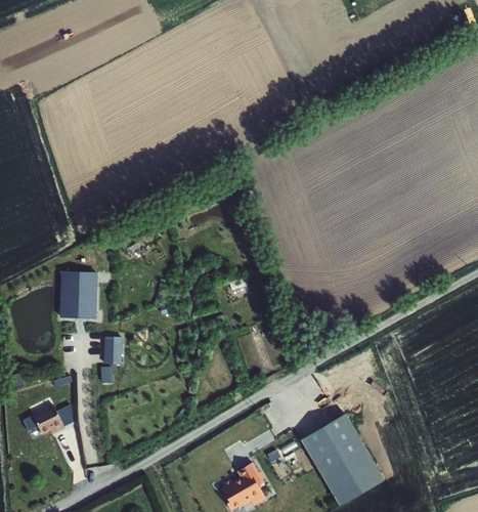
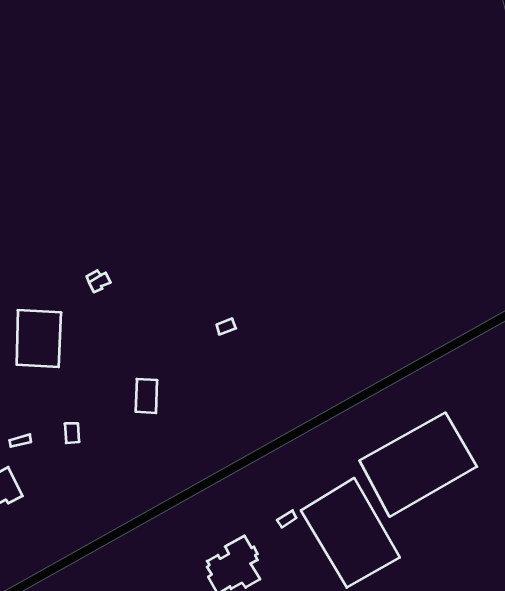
building: [103,336,122,365] -> [136,379,157,413]
building: none -> [359,413,477,517]

